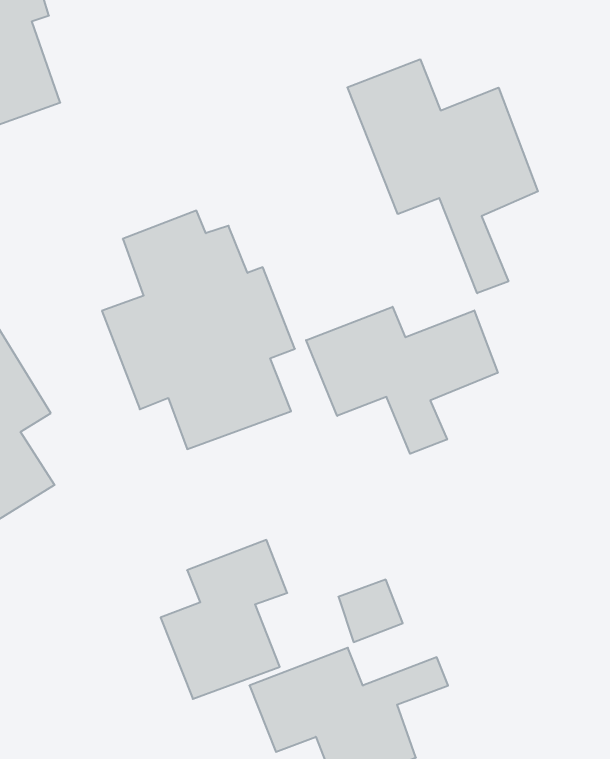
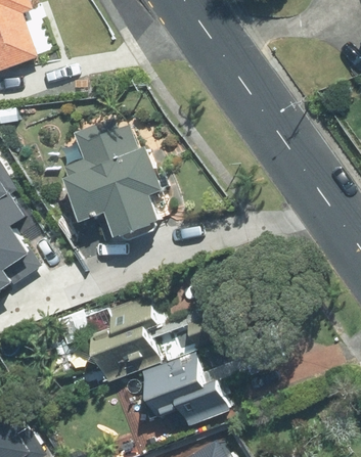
building: [347,59,538,293] -> none
building: [306,307,498,454] -> none

